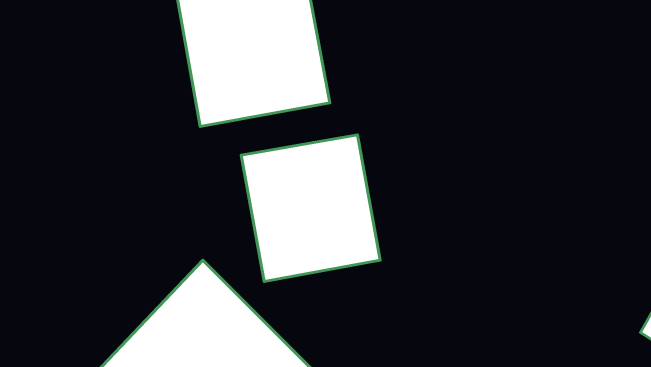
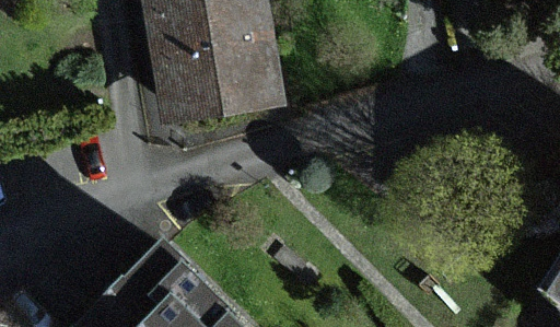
building: [241,135,380,282] -> none

